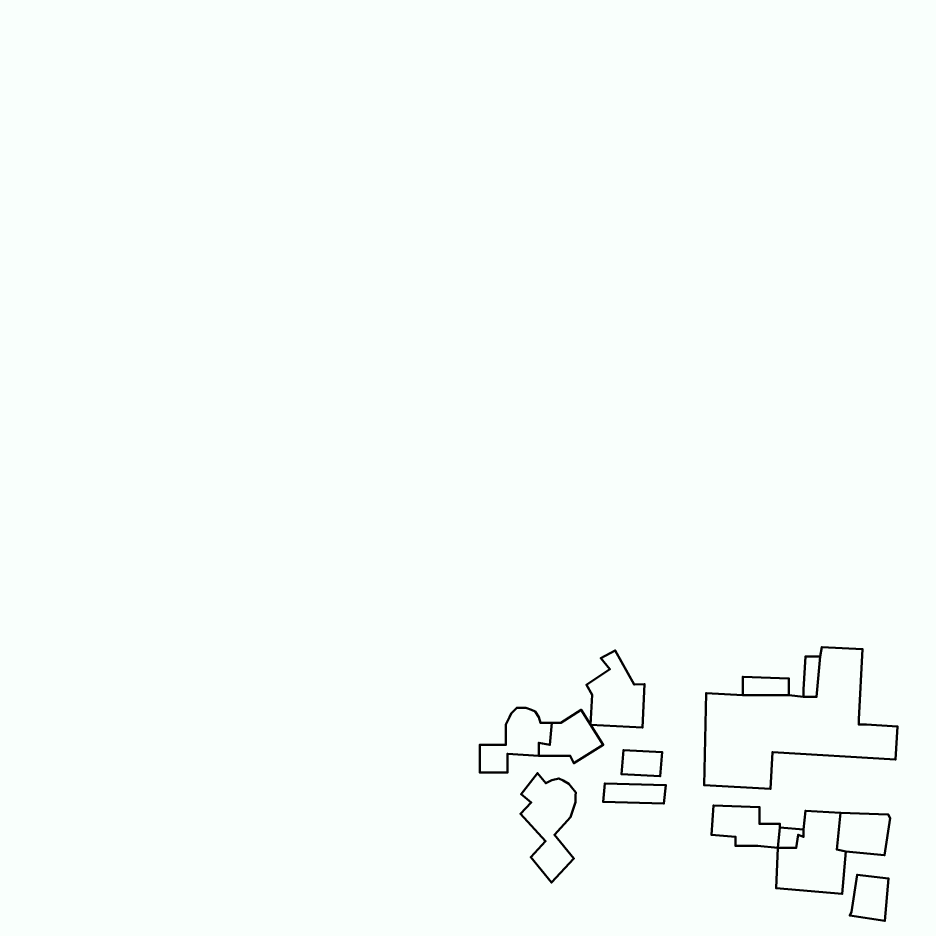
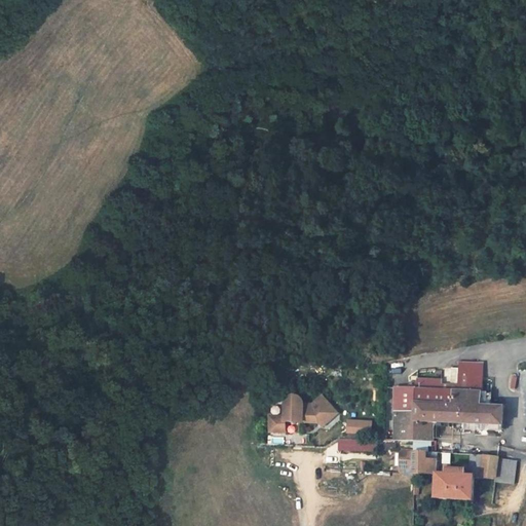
building: [587,650,645,728] -> none
building: [521,773,576,883] -> none
building: [850,875,888,921] -> [493,457,515,483]

